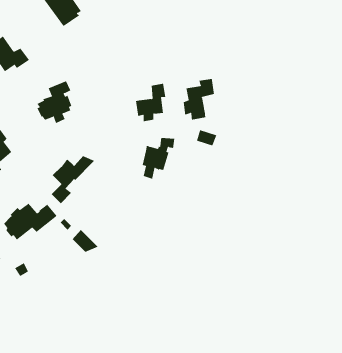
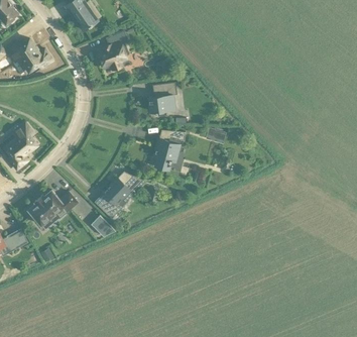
building: [183,78,215,120] -> none
building: [37,81,72,124] -> [96,30,128,70]
building: [51,155,95,204] -> [102,174,142,218]

